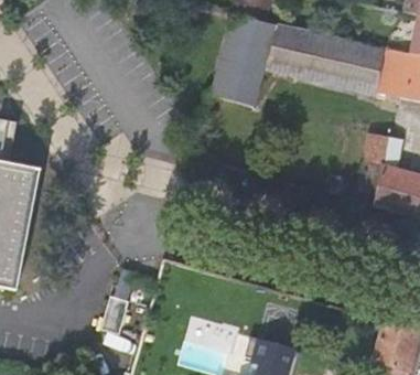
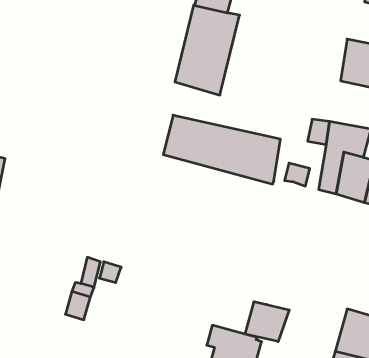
building: [266,23,384,93] -> [163,115,280,184]
building: none -> [245,302,289,342]

